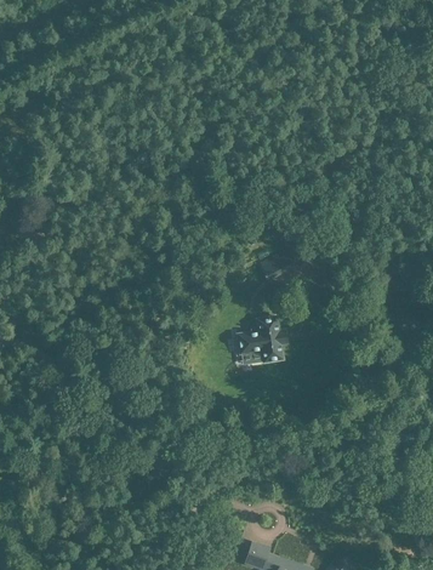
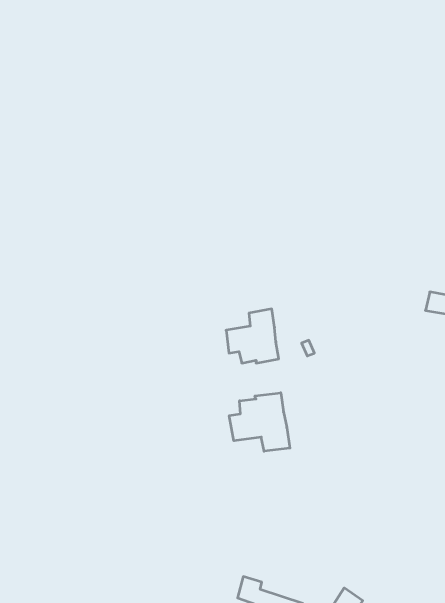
building: none -> [229,393,290,451]

